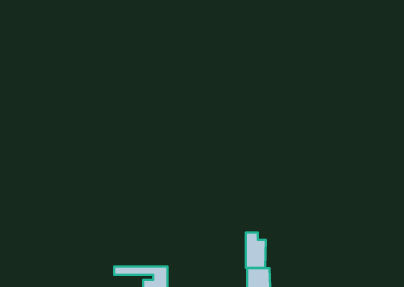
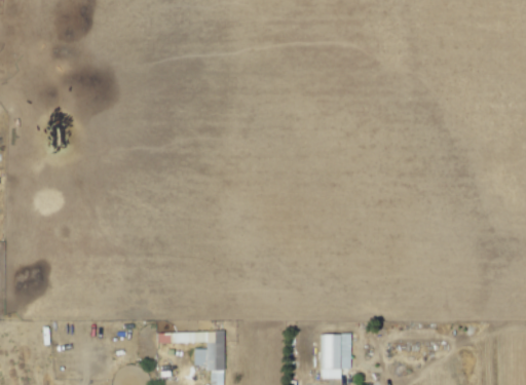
building: [246,232,266,268] -> none

